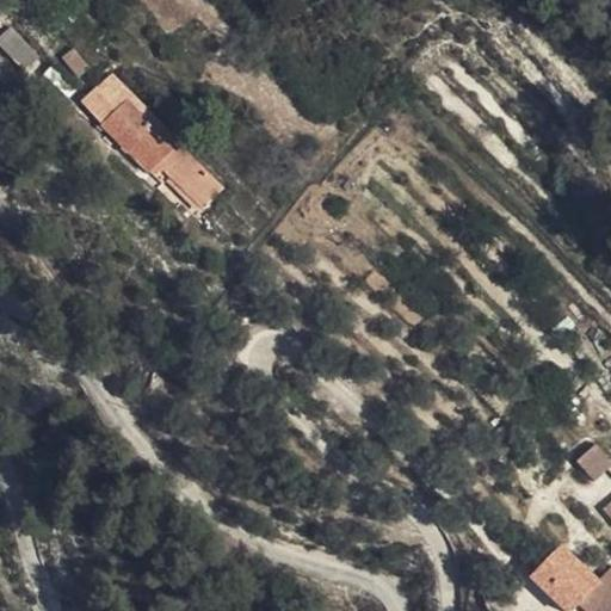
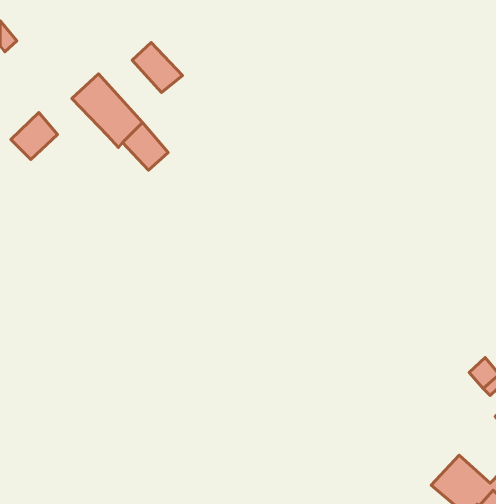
building: none -> [132,43,182,92]
building: [78,68,134,124] -> [11,113,58,159]

